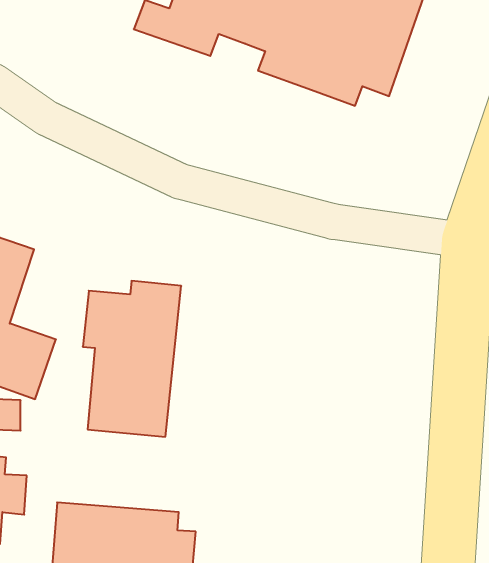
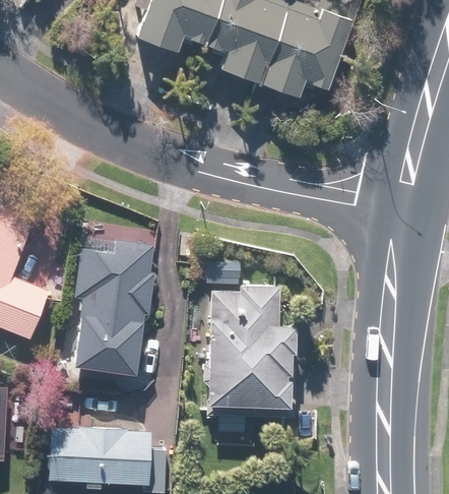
building: none -> [205,279,296,435]

